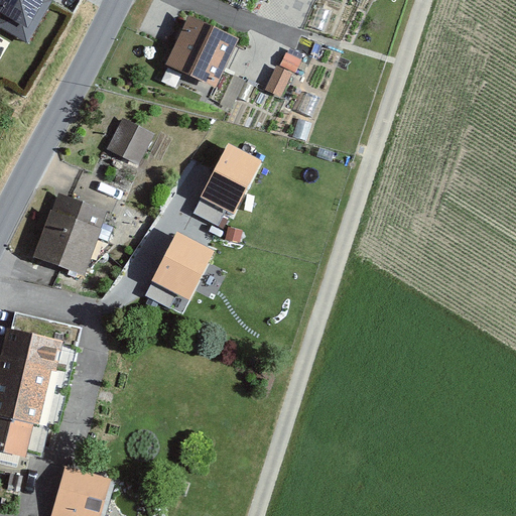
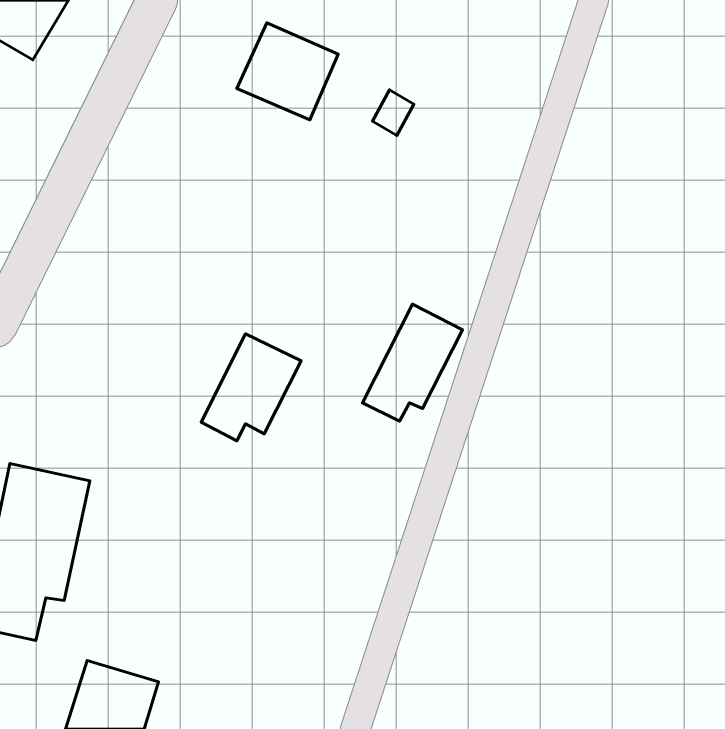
building: [106,116,151,161] -> none
building: [189,145,260,228] -> [362,304,462,421]
building: [32,189,109,272] -> none

